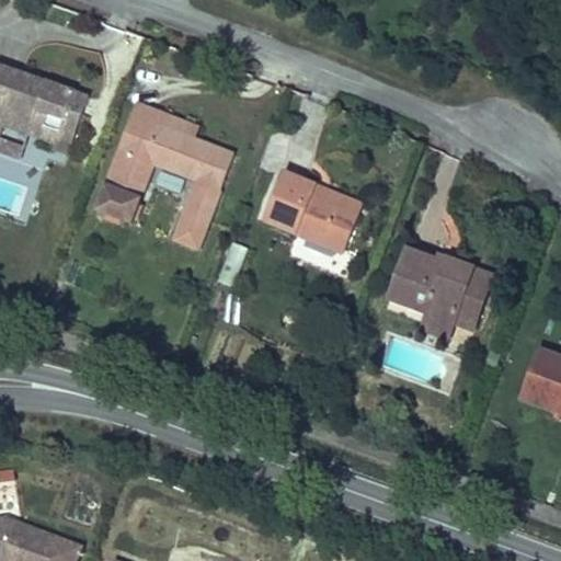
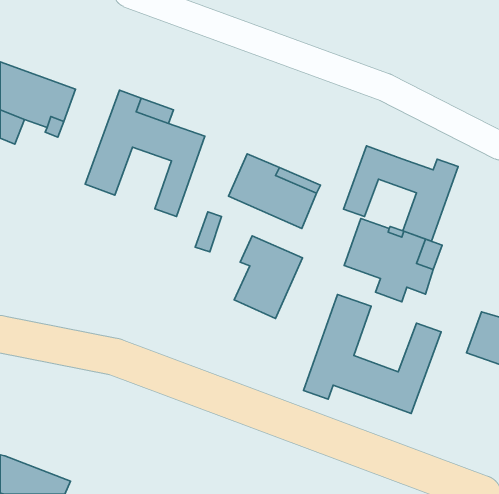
building: none -> [343,146,458,241]
building: none -> [234,236,302,319]
building: none -> [303,294,441,413]

